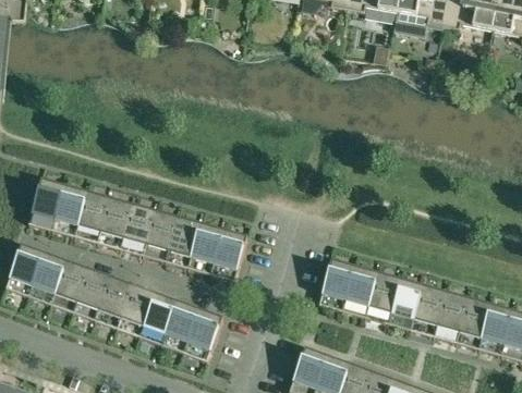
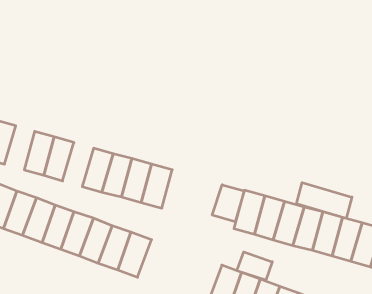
building: [51,183,86,234] -> none
building: [119,202,155,254] -> none
building: none -> [296,183,352,218]
building: none -> [212,185,244,222]
building: none -> [237,252,272,280]

